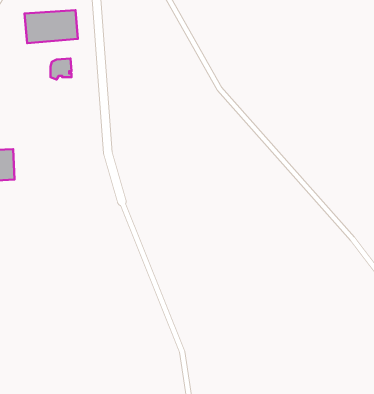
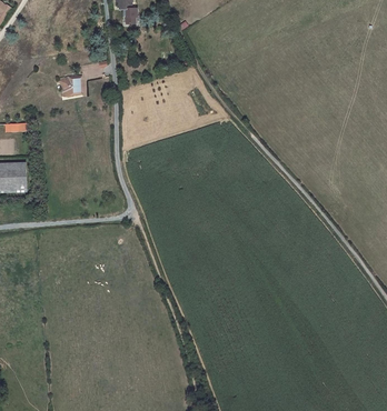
building: [25,10,78,43] -> none

